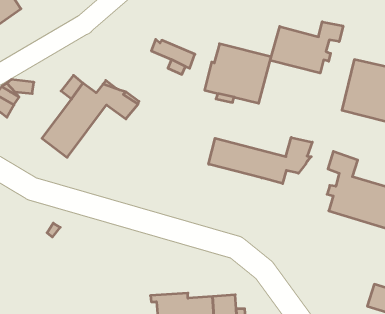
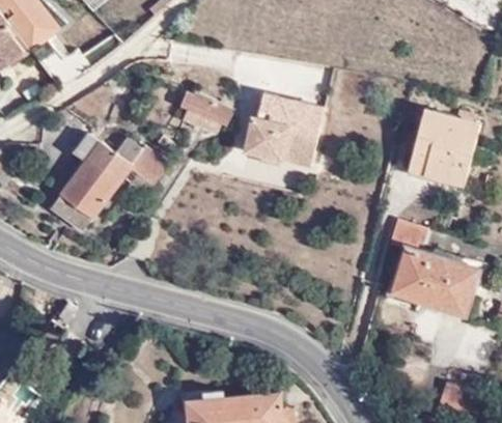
building: [270,22,343,73] -> none
building: [209,137,312,184] -> none

